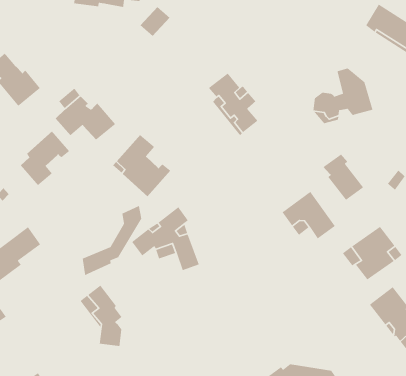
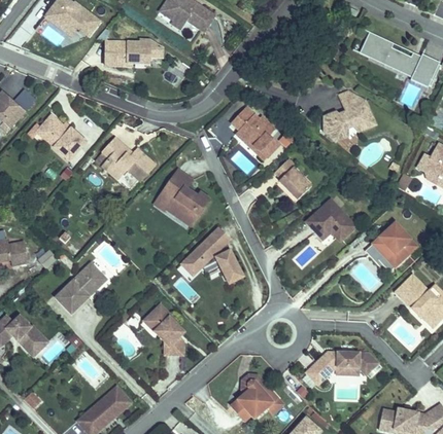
building: [20,131,70,186] -> none
building: [323,154,364,201] -> [274,156,312,196]
building: [82,205,142,276] -> none

